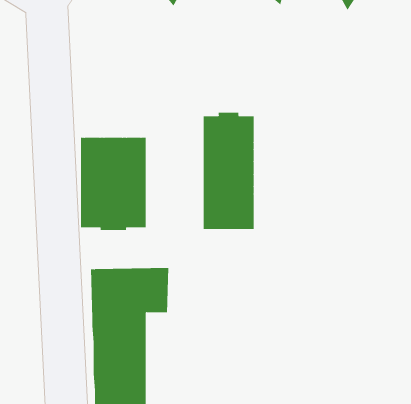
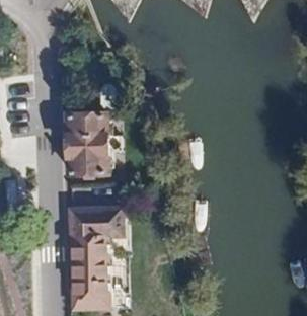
building: [203,112,254,230] -> none

